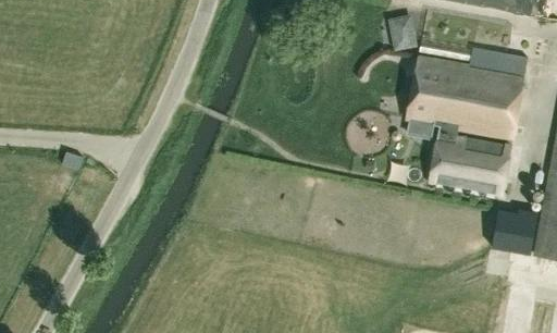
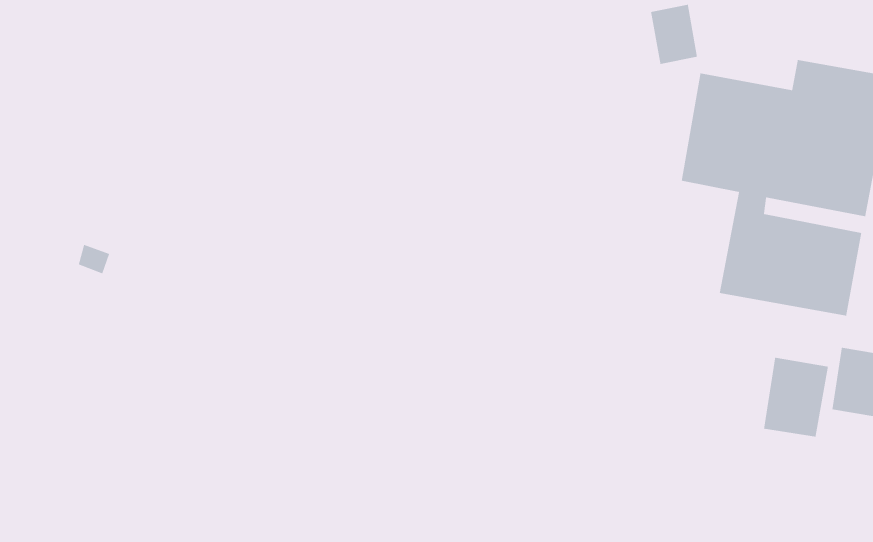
building: none -> [763,357,829,437]

